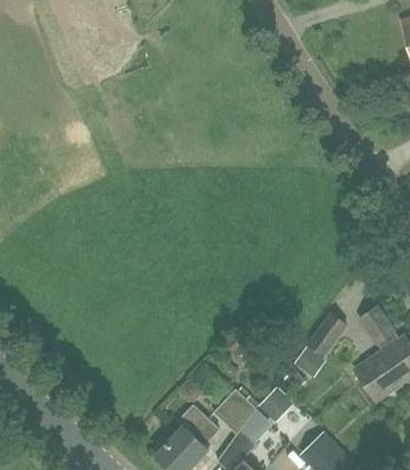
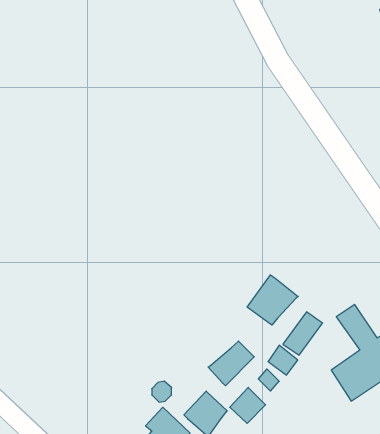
building: none -> [247,275,298,325]
building: none -> [208,341,254,386]

